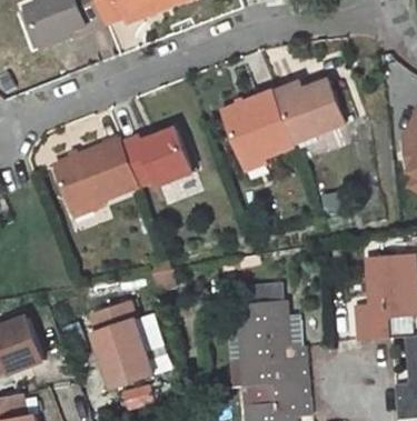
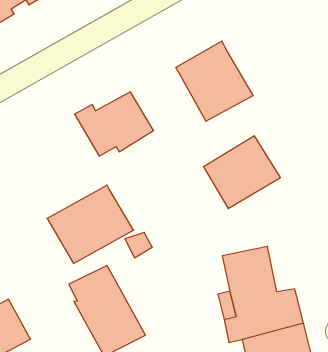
building: [275,81,348,148] -> [203,136,280,209]
building: [52,139,135,210] -> [47,185,134,263]

